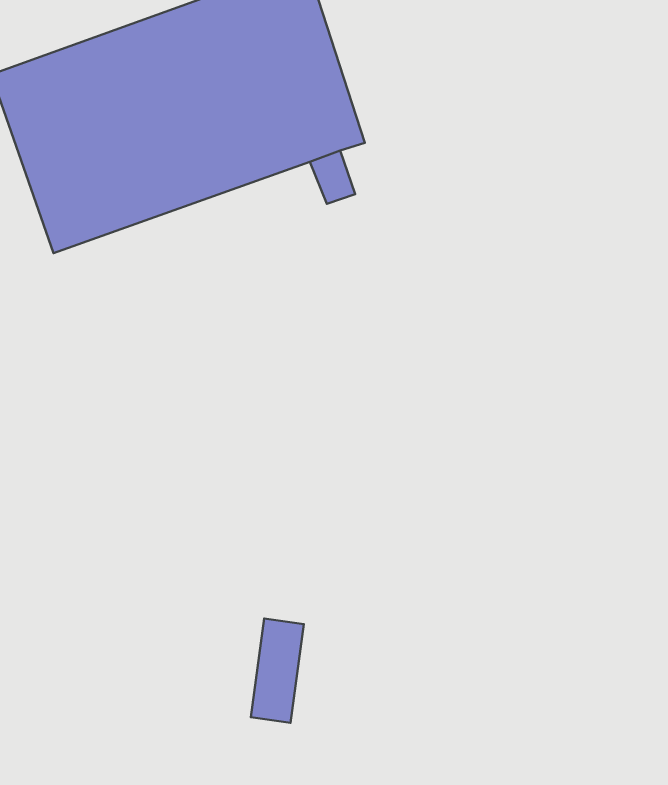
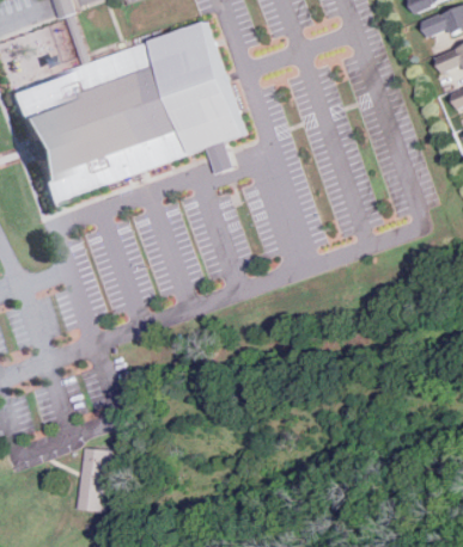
building: [251,618,304,723] -> [80,444,114,510]

